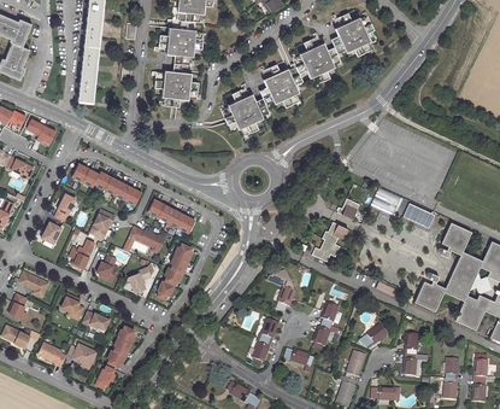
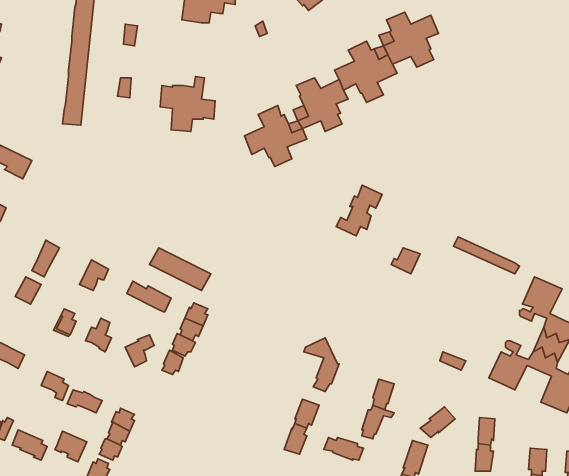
building: [158,19,202,65] -> none
building: [70,163,140,205] -> none
building: [311,222,347,262] -> [336,185,382,236]

